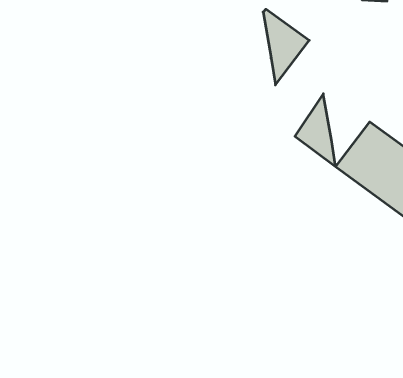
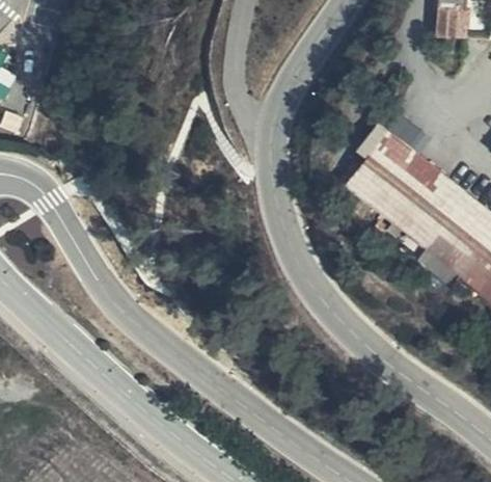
building: [263,9,309,85] -> [386,134,436,219]

